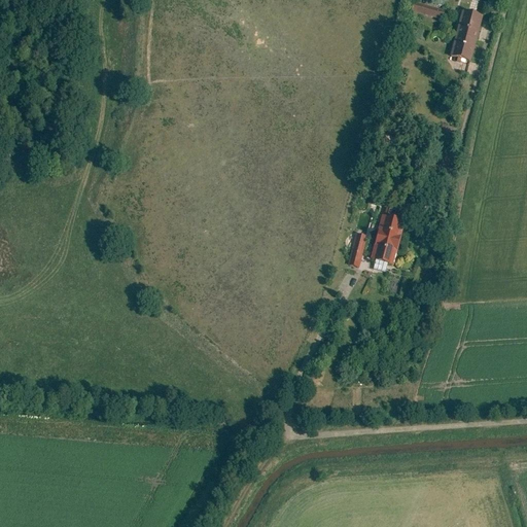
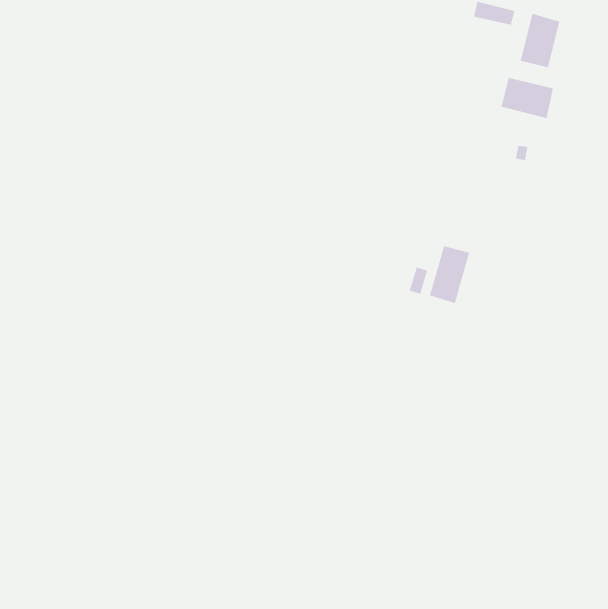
building: none -> [501,77,554,119]

